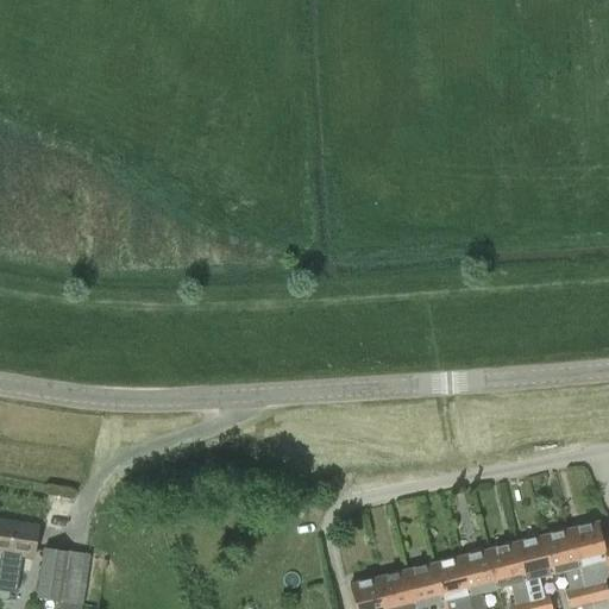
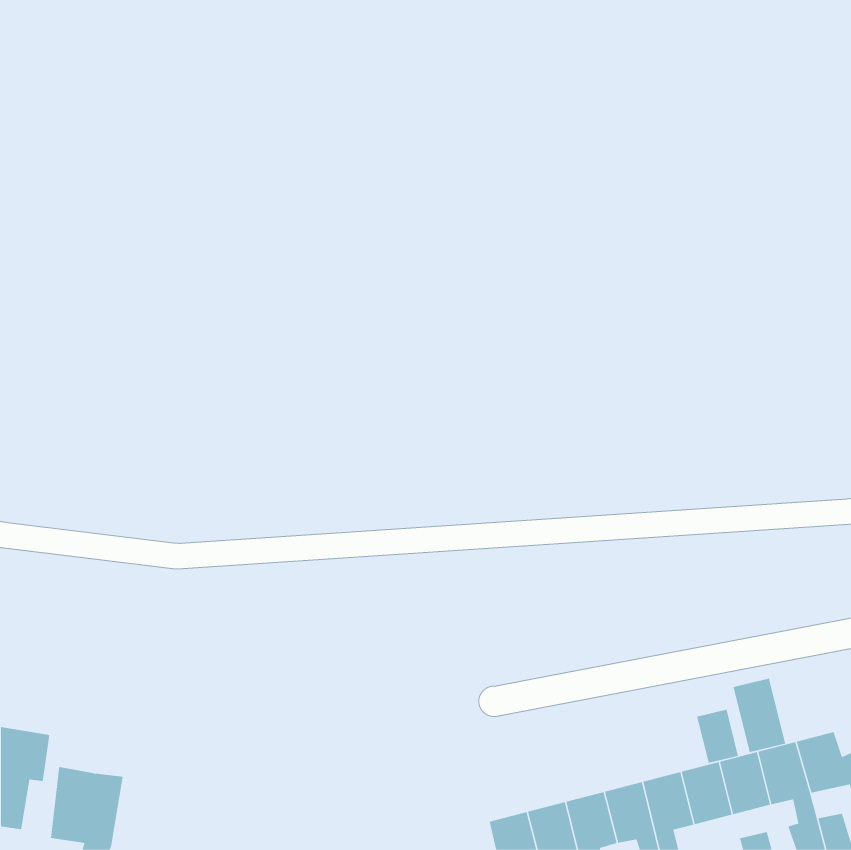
building: none -> [733,678,786,753]
building: none -> [697,709,739,764]

